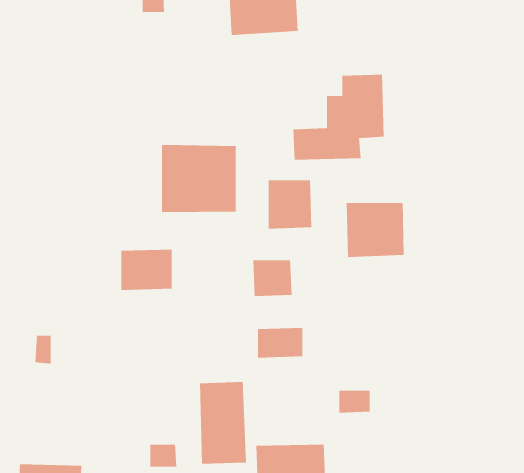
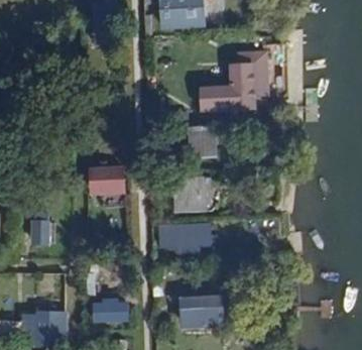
building: [161,144,236,213] -> none
building: [346,202,404,258] -> none
building: [199,381,247,465] -> none

